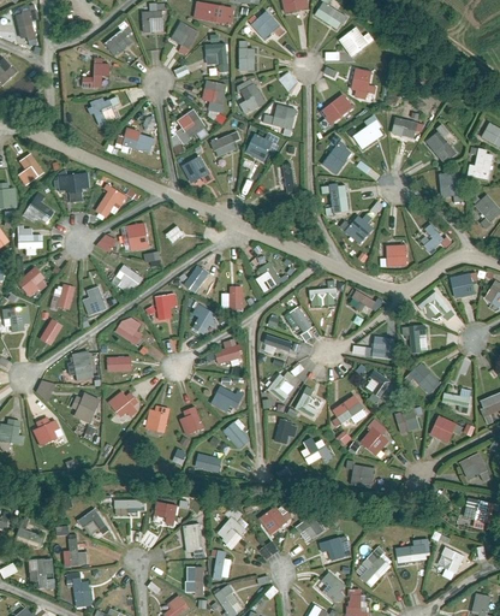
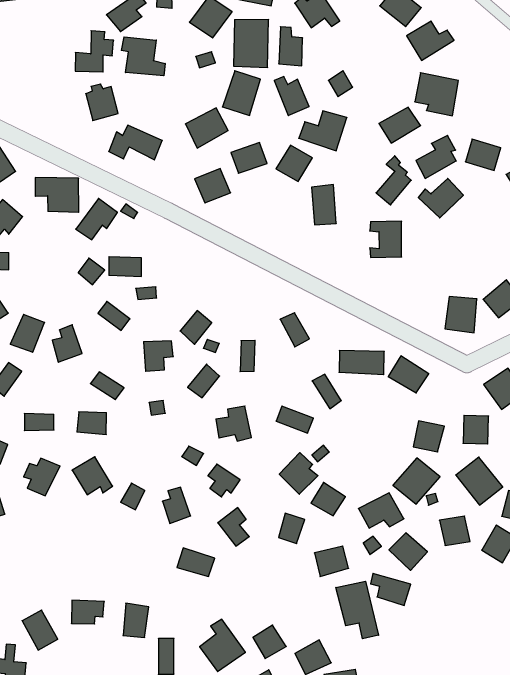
building: none -> [121,37,165,76]
building: [341,211,376,242] -> [418,178,463,218]
building: none -> [336,581,379,639]

